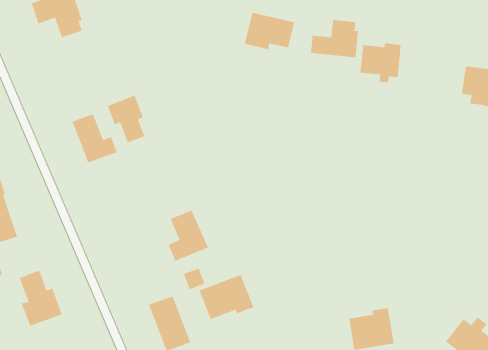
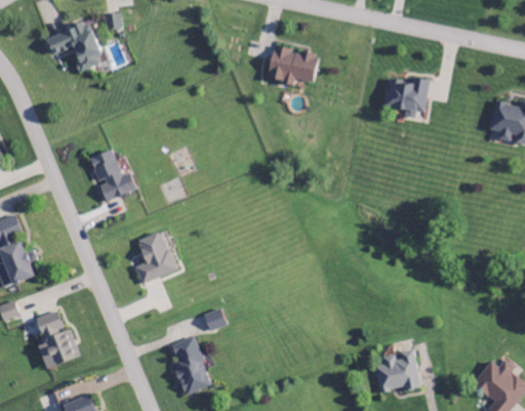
building: [310,19,358,58] -> none
building: [107,95,145,143] -> none
building: [168,210,209,262] -> [135,231,177,284]
building: [199,274,254,320] -> none

